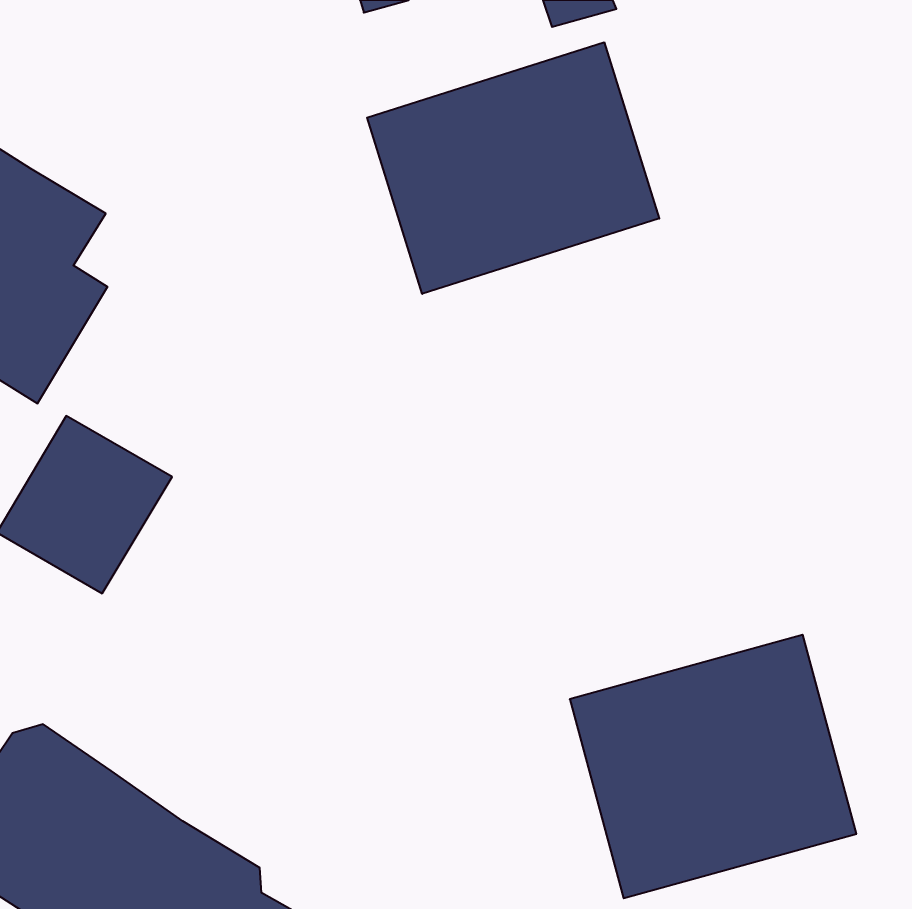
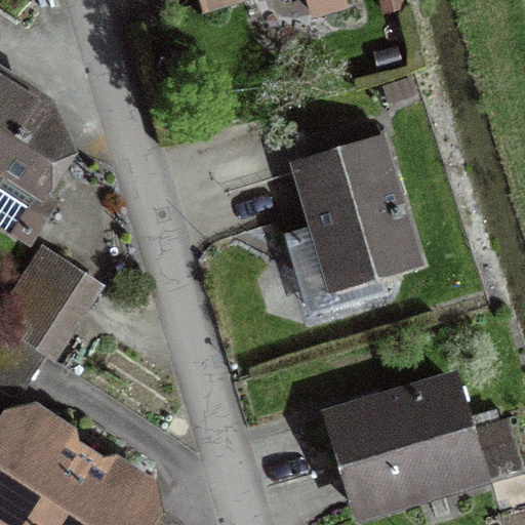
building: [367,42,659,294] -> none
building: none -> [292,135,427,298]

